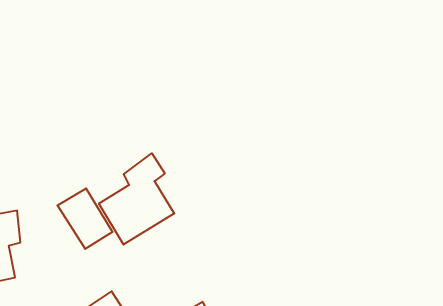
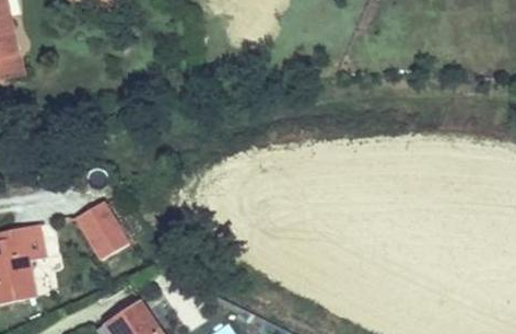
building: [99,153,174,245] -> none

